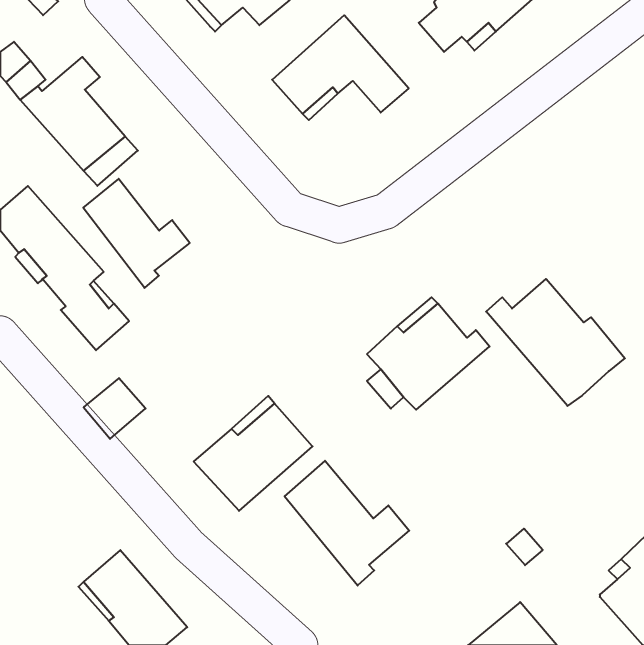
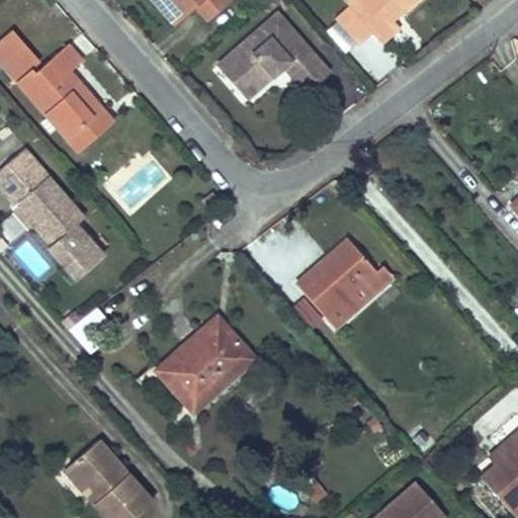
building: [83,179,190,288] -> none
building: [486,279,625,406] -> none
building: [285,461,409,586] -> none

